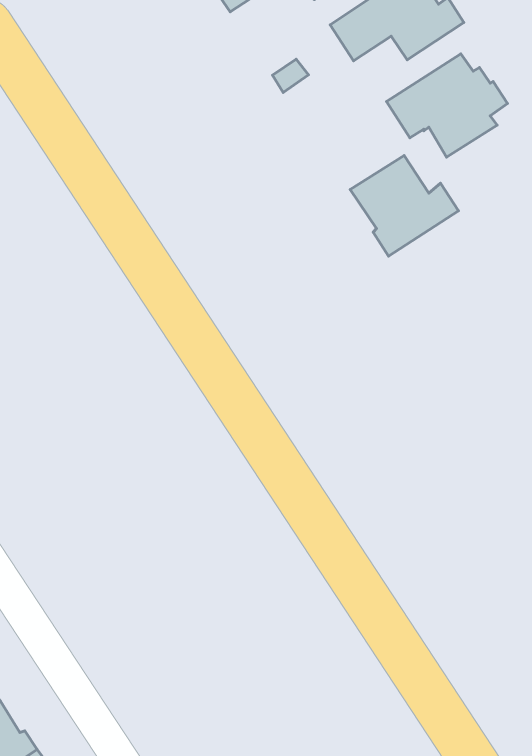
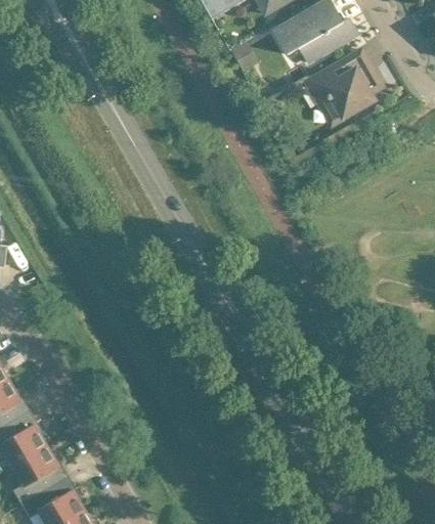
building: [350,155,459,256] -> none

